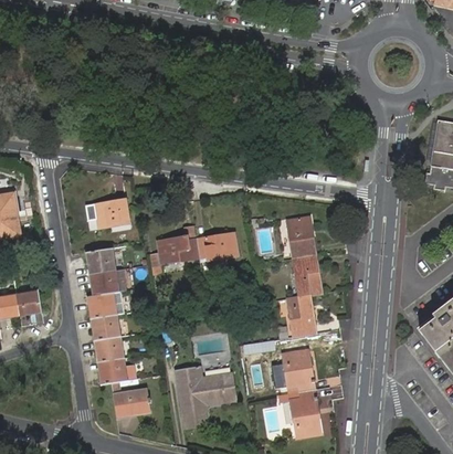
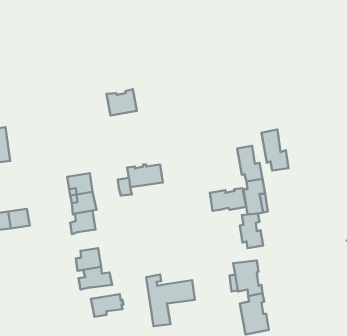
building: none -> [262,130,288,170]
building: [93,198,128,229] -> [107,89,137,116]
building: [194,232,238,258] -> [210,188,246,211]
building: [92,314,122,340] -> none

